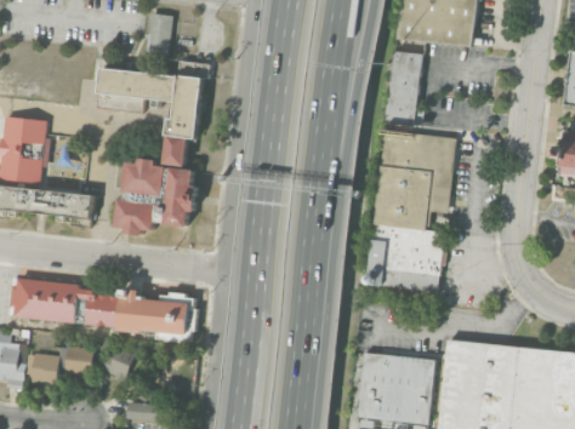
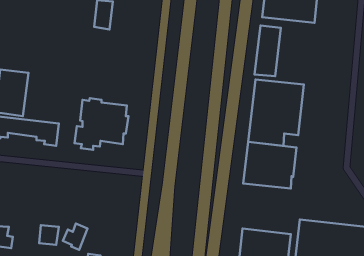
building: [97,62,210,166] -> none
building: [15,279,197,341] -> none
building: [30,353,59,387] -> none

